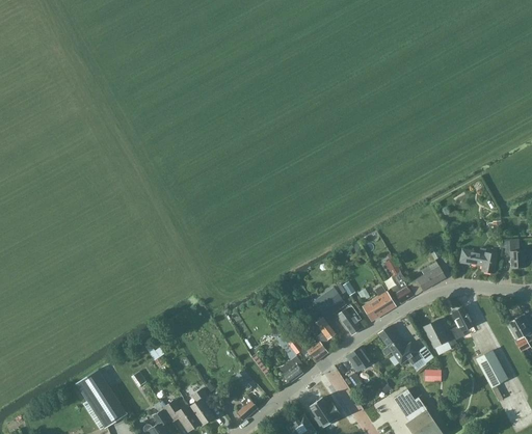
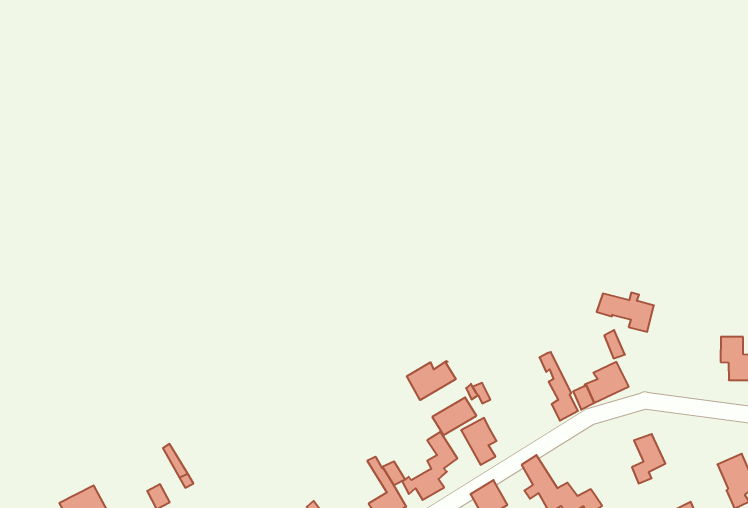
building: [458,248,496,273] -> [597,293,654,332]
building: none -> [407,361,456,400]
building: [362,284,394,319] -> none
building: [423,319,456,348] -> none

